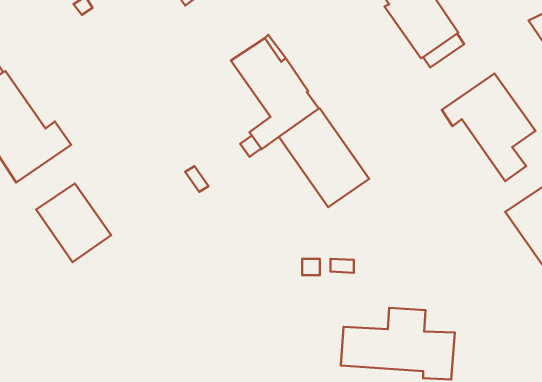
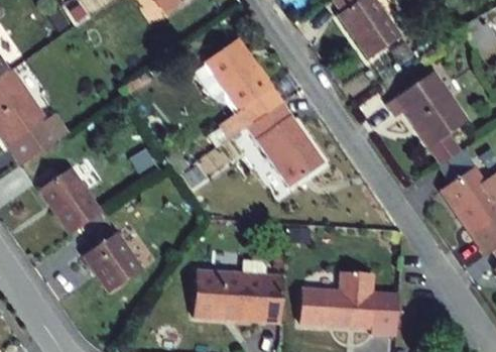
building: none -> [83,231,142,291]
building: none -> [193,258,282,321]

